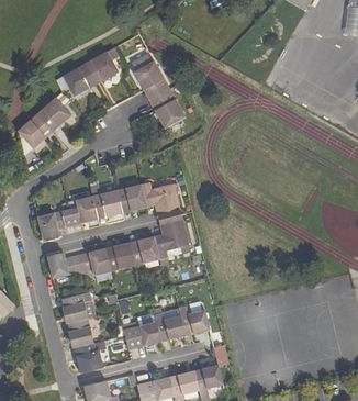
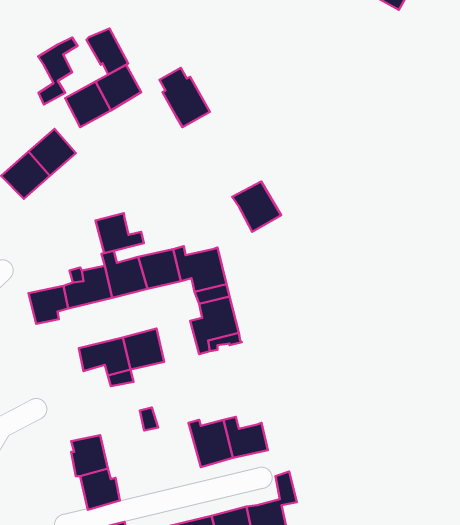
building: none -> [86,28,128,75]
building: none -> [38,38,78,105]
building: [150,91,186,127] -> [232,182,281,232]
building: none -> [96,213,144,253]
building: [130,235,160,265] -> none
building: [47,250,77,278] -> none
building: [61,292,89,323] -> none
building: [124,313,161,348] -> none

